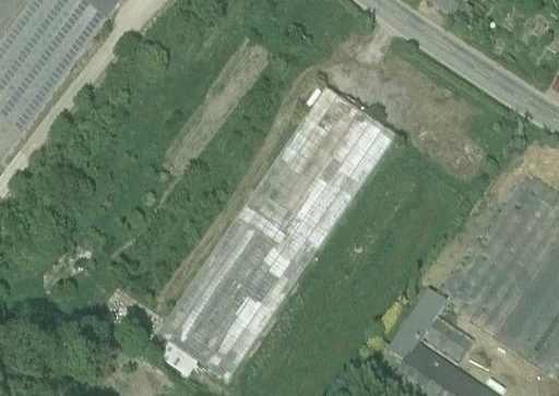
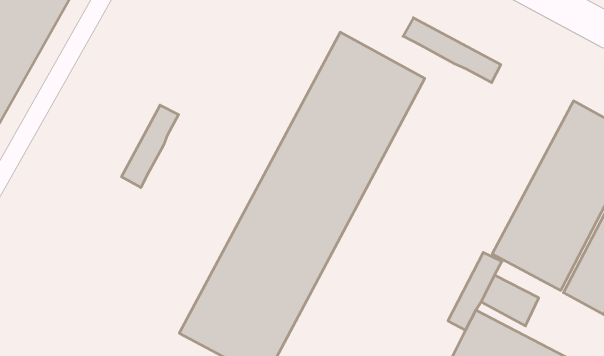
building: none -> [403,18,501,83]
building: none -> [122,105,179,188]

